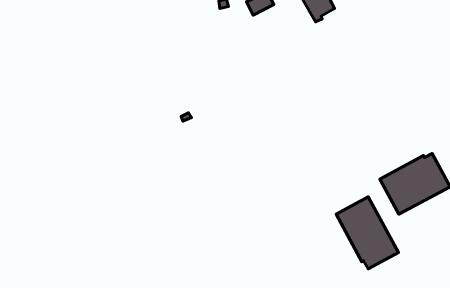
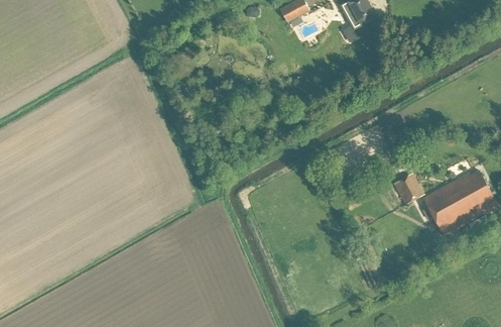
building: none -> [392,174,423,205]
building: [336,197,398,269] -> none

